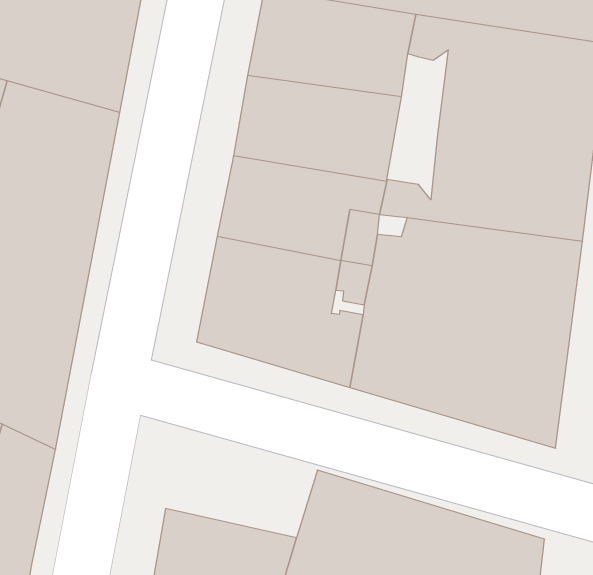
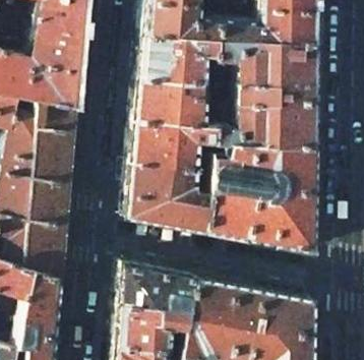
building: none -> [216,59,239,132]
building: none -> [120,261,195,311]

